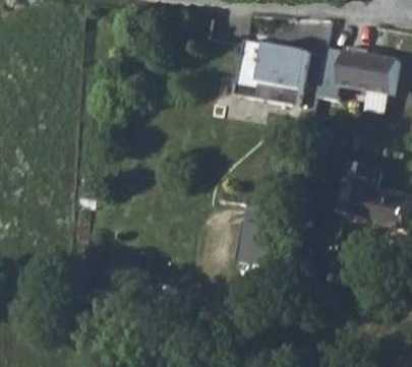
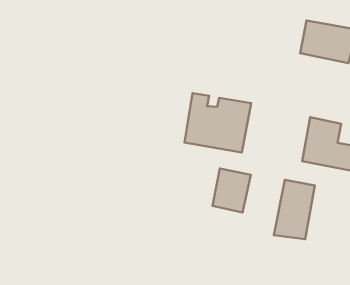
building: [235,40,309,106] -> [184,93,251,153]
building: none -> [274,180,315,239]

